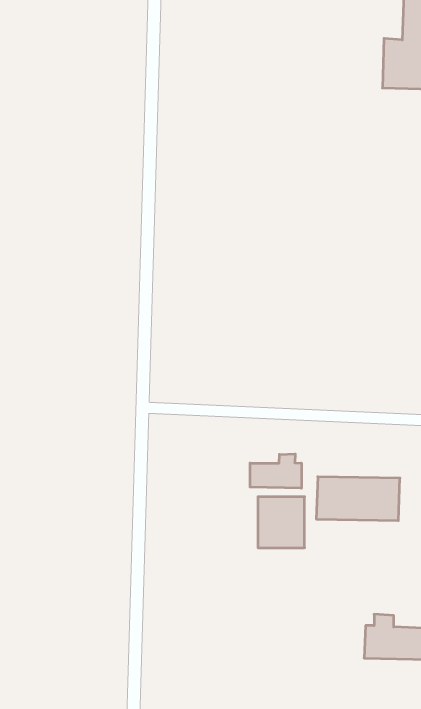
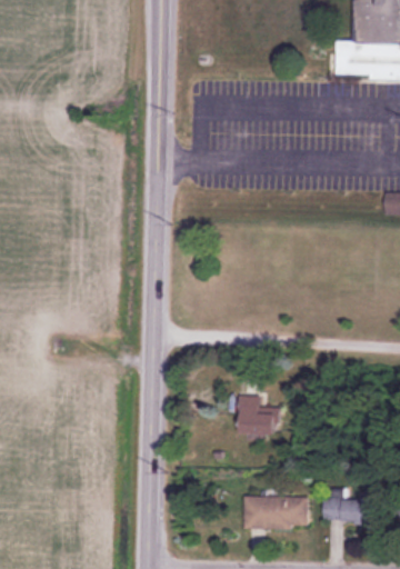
building: [250,454,301,488] -> none
building: [316,477,400,521] -> [242,496,308,530]

